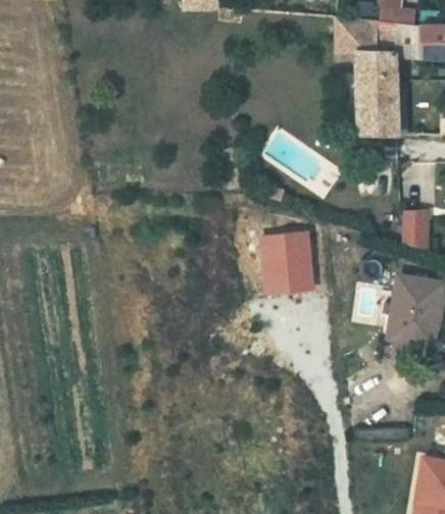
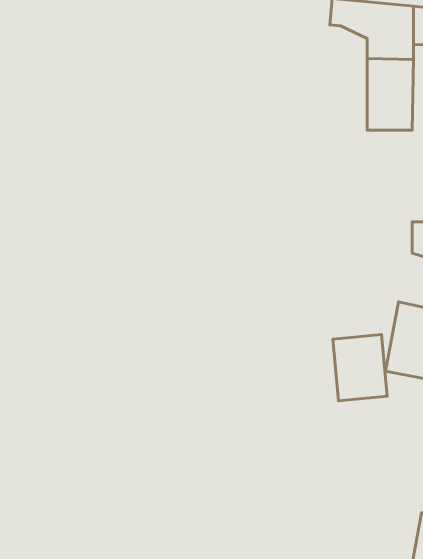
building: [259,245,307,303] -> [333,335,387,401]

